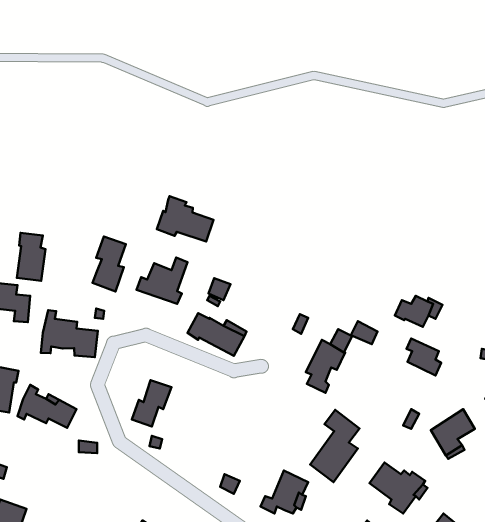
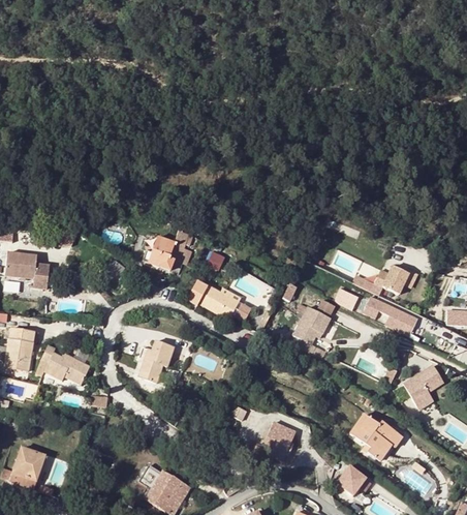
building: [157,196,214,242] -> none
building: [17,233,46,281] -> none
building: [92,236,126,291] -> none
building: [41,310,98,357] -> none
building: [310,410,360,482] -> none

